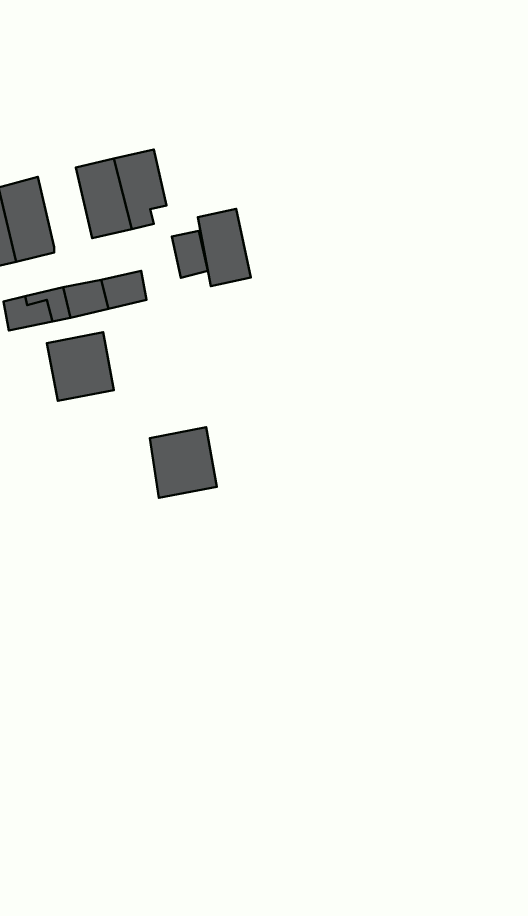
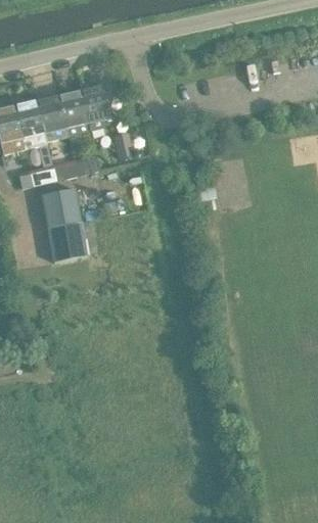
building: none -> [37,95,67,140]
building: [198,209,251,286] -> none
building: [150,427,217,498] -> [48,221,86,260]

